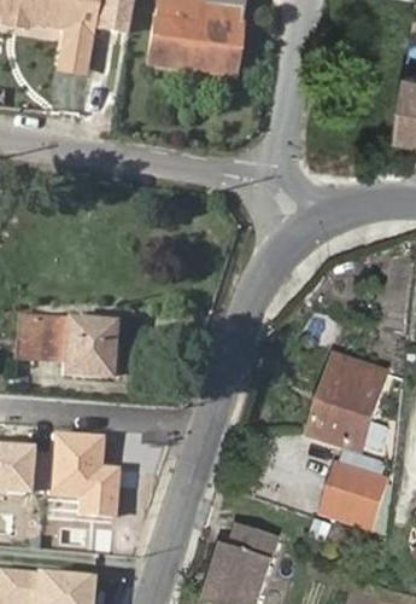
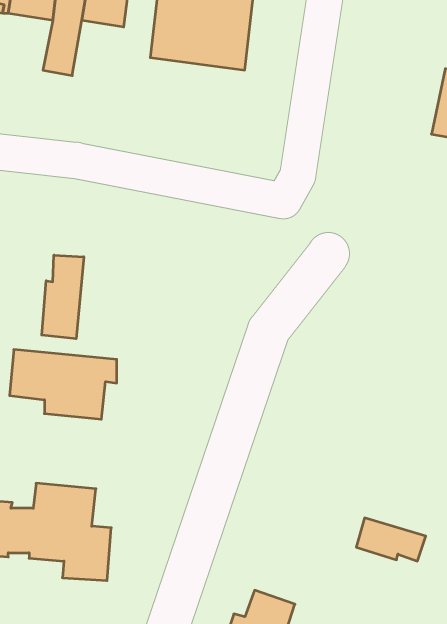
building: none -> [42,255,84,339]
building: [311,356,388,449] -> none
building: [322,487,381,528] -> none

